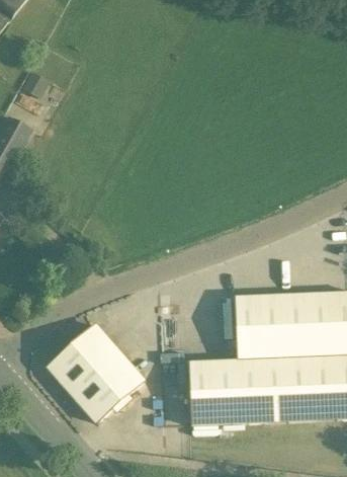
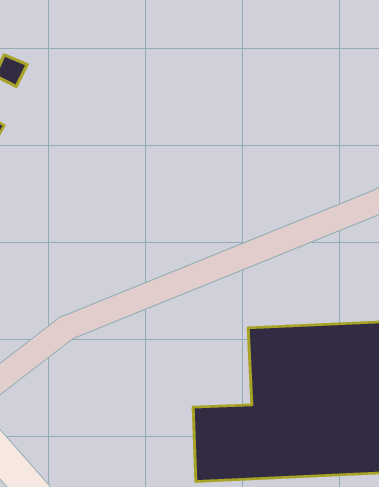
building: [46,324,142,421] -> none

